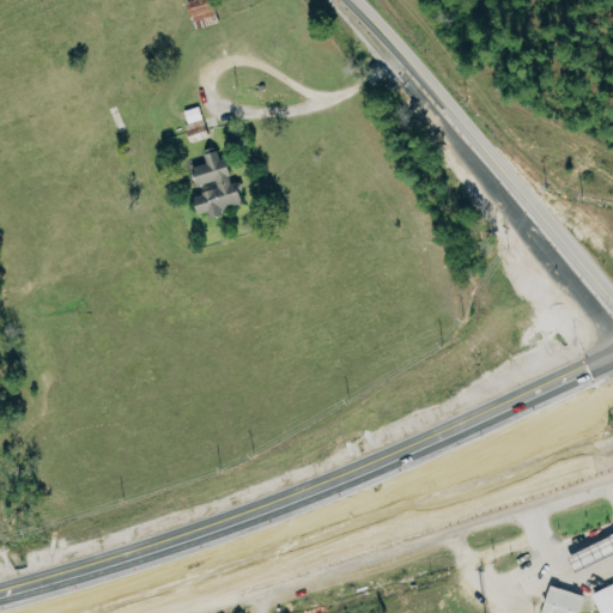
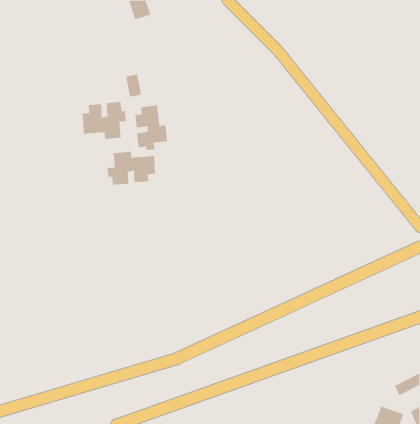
building: none -> [82,101,126,140]
building: none -> [107,151,156,185]

